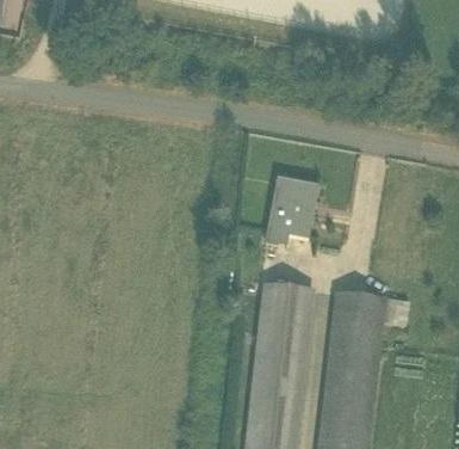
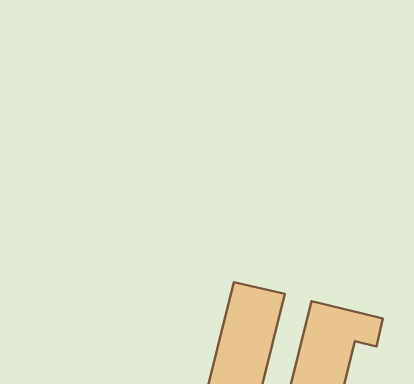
building: [267,176,318,238] -> none

